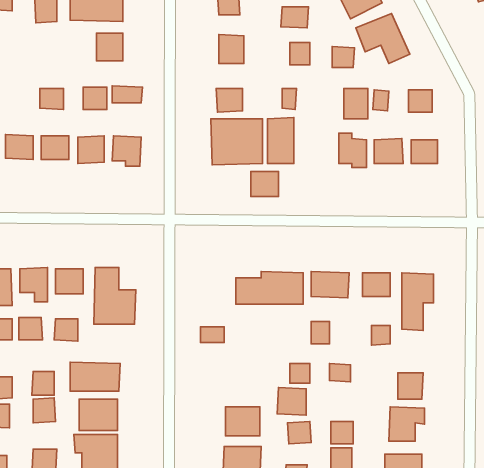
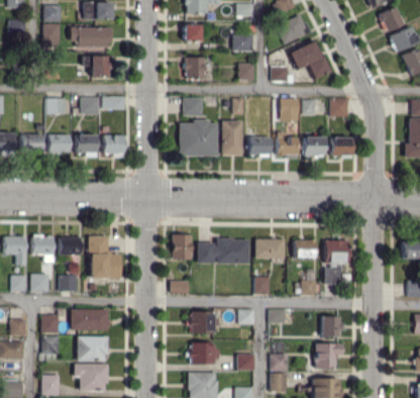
building: [251,171,279,196] -> [249,136,271,156]
building: none -> [172,234,192,260]
building: [277,388,306,415] -> [191,312,213,333]

